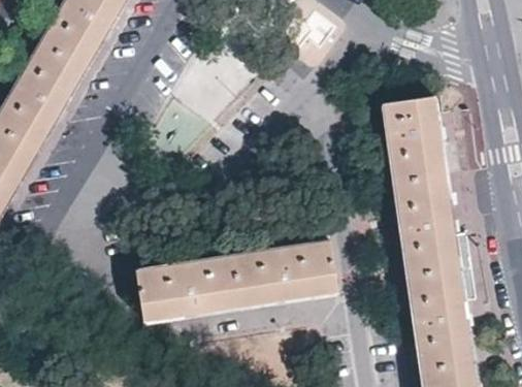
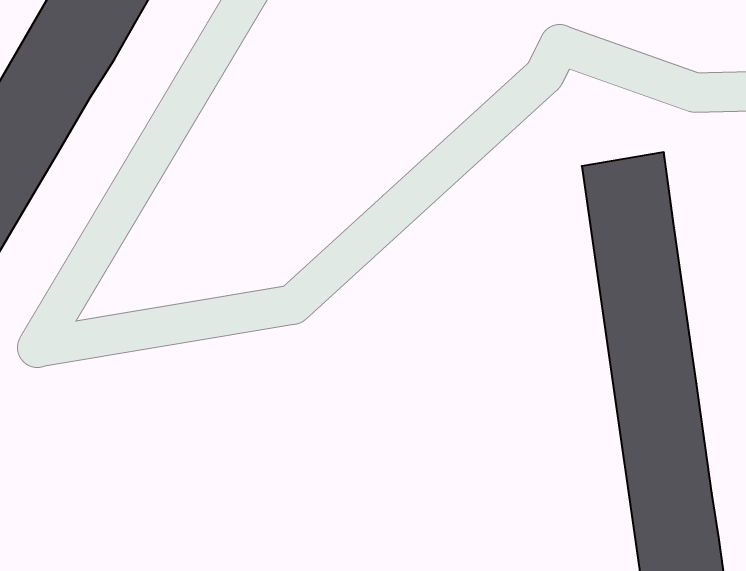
building: [135,240,337,322] -> none

